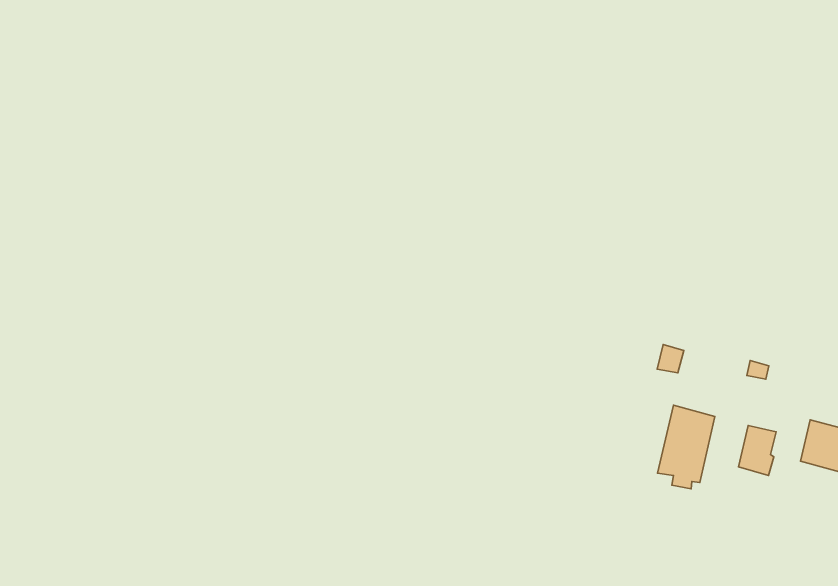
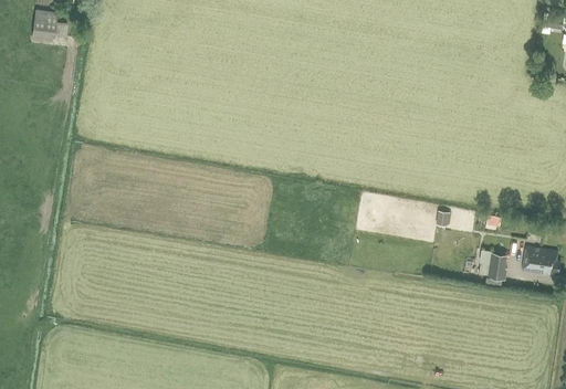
building: [658,405,715,489] -> none

